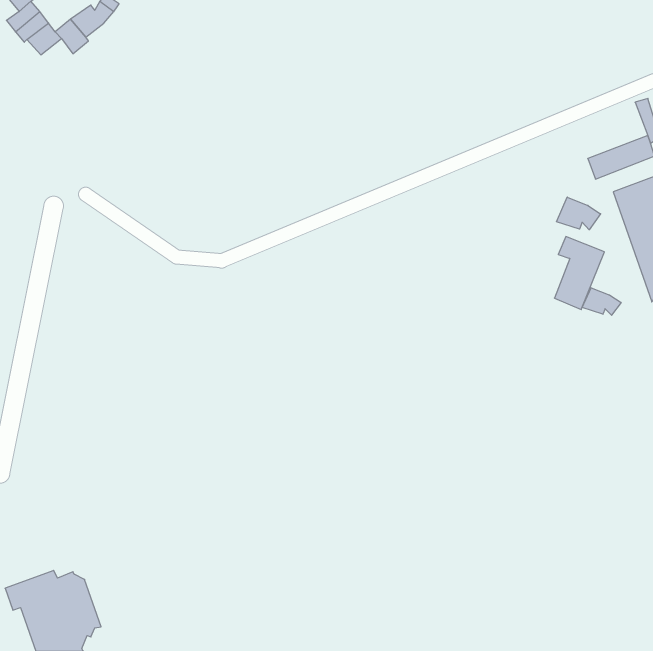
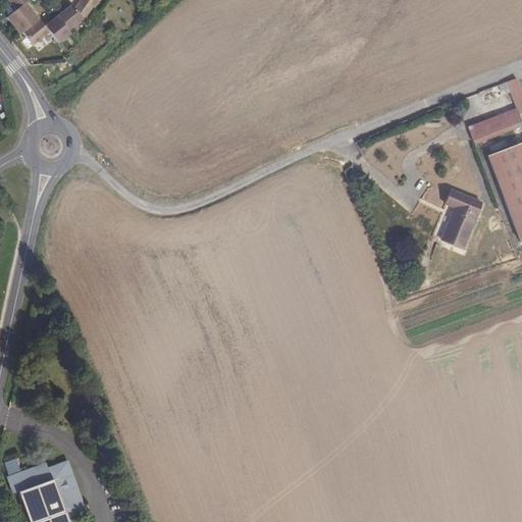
building: [556,197,601,230] -> none
building: [582,288,621,315] -> none

